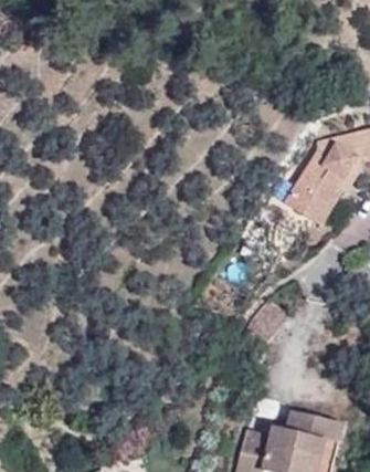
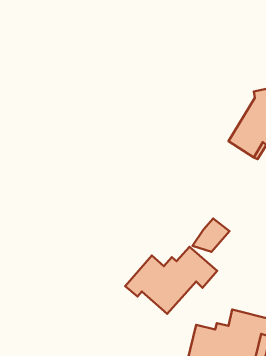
building: none -> [125,247,217,314]

